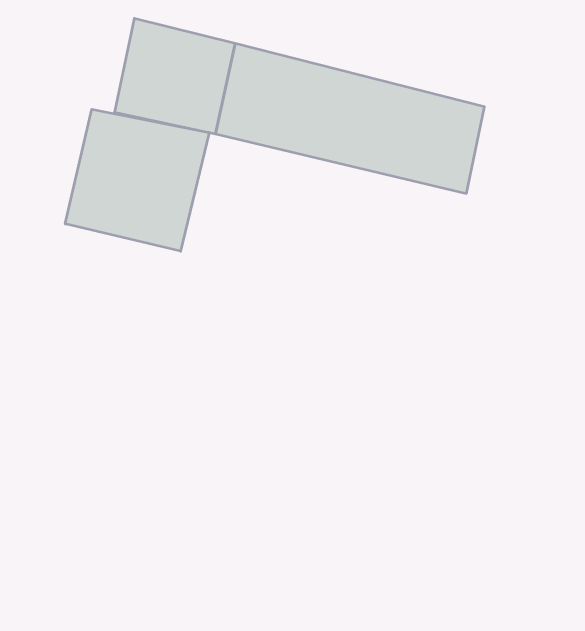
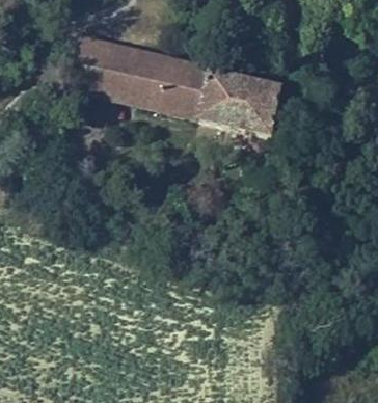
building: [65,109,209,251] -> none

